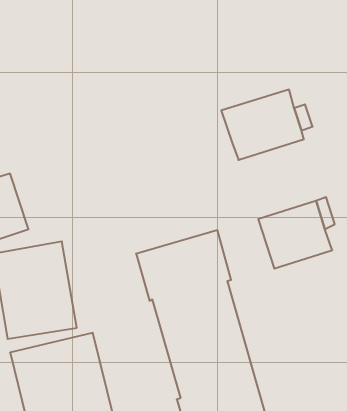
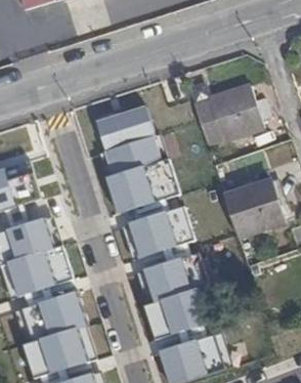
building: none -> [91,98,180,213]

